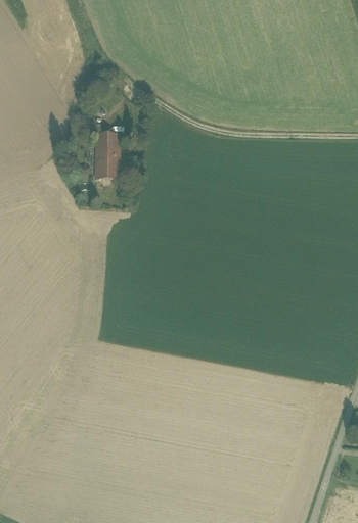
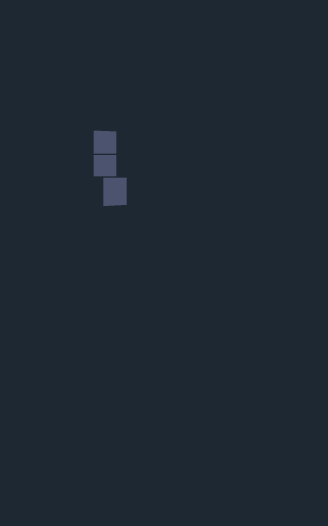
building: none -> [103,177,127,207]

